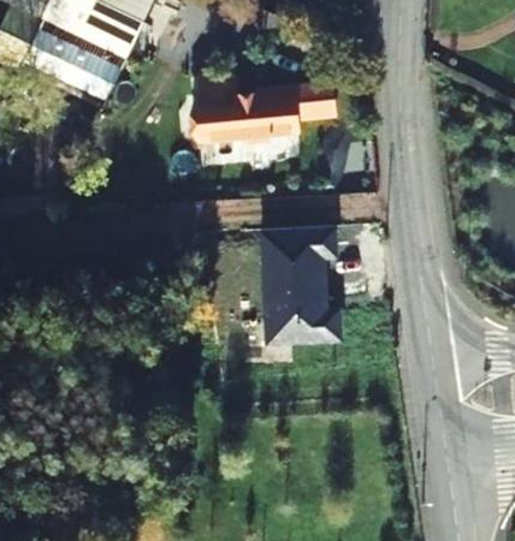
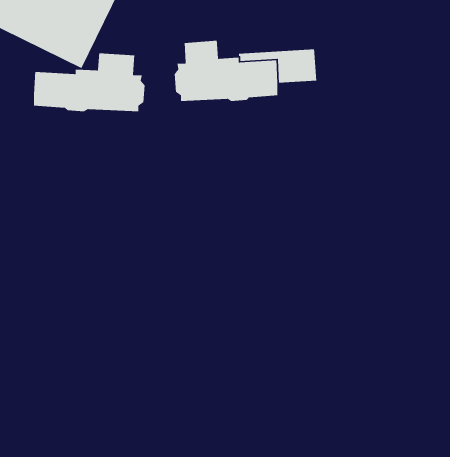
building: none -> [33,52,146,112]
building: [262,230,339,346] -> none

